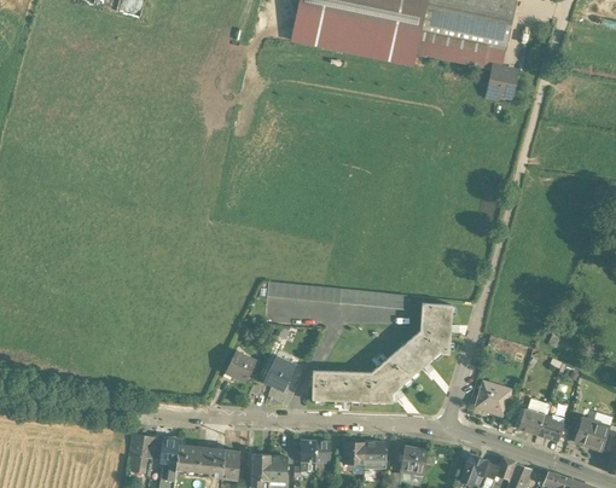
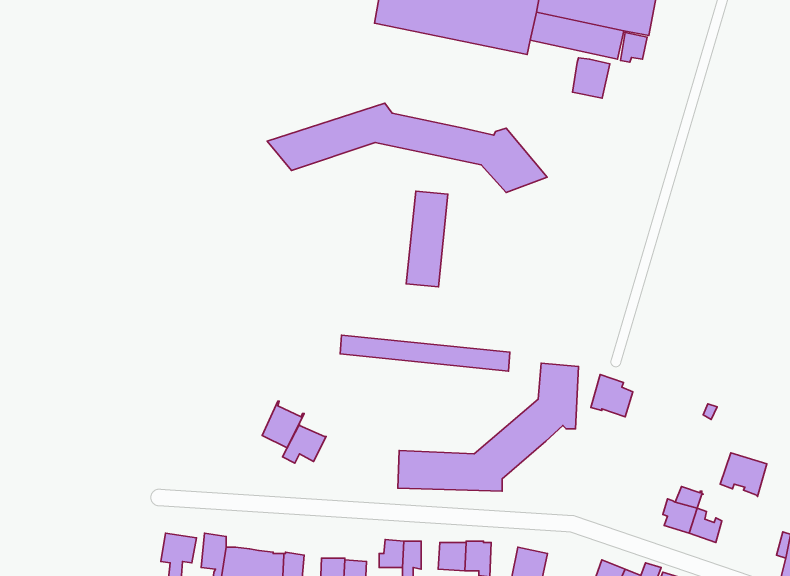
building: [488,66,517,98] -> [572,58,610,98]
building: none -> [267,103,547,192]
building: none -> [406,191,448,287]
building: [263,355,296,391] -> [262,401,304,448]
building: [476,382,509,414] -> [591,375,633,417]
building: [574,418,610,452] -> [720,453,767,497]

